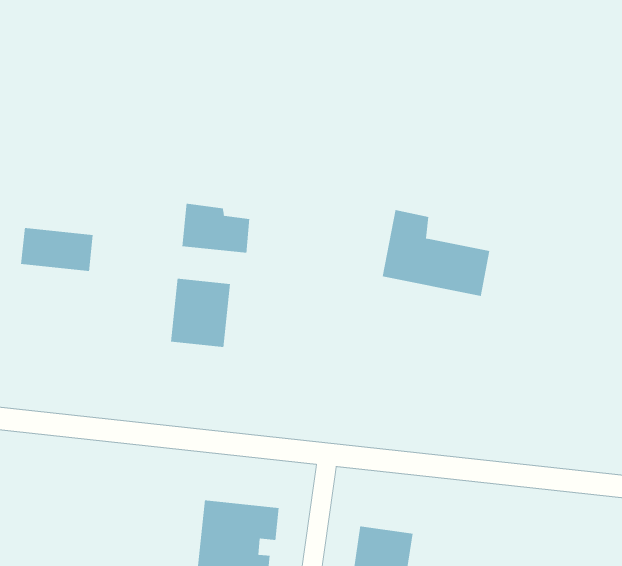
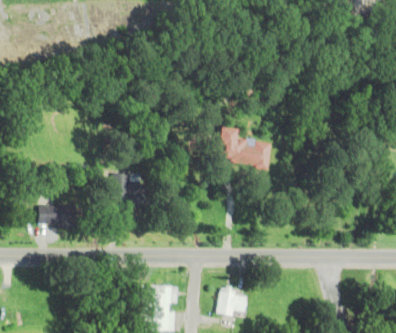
building: [182,203,250,254] -> none
building: [20,228,94,272] -> [39,206,75,225]

